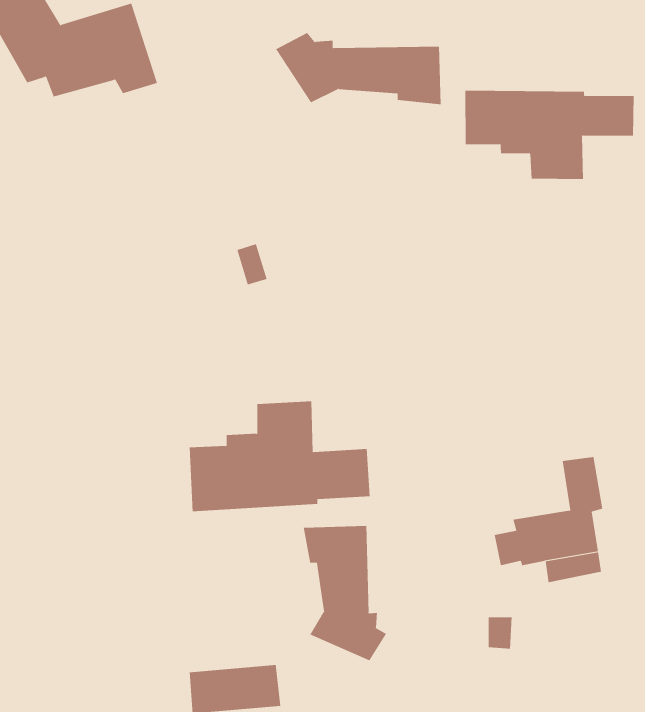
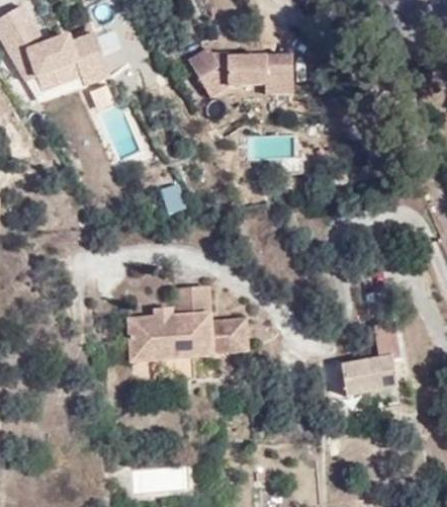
building: [465,90,634,180] -> none
building: [303,525,387,661] -> none

